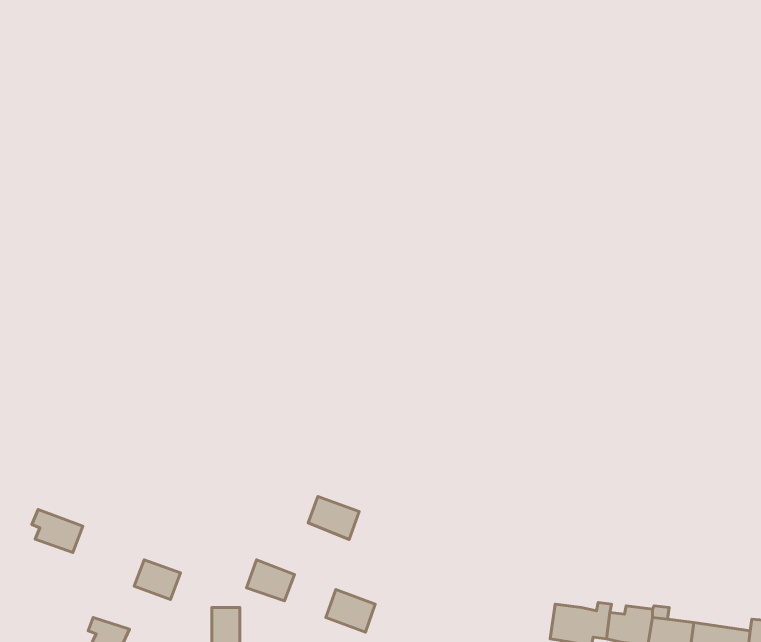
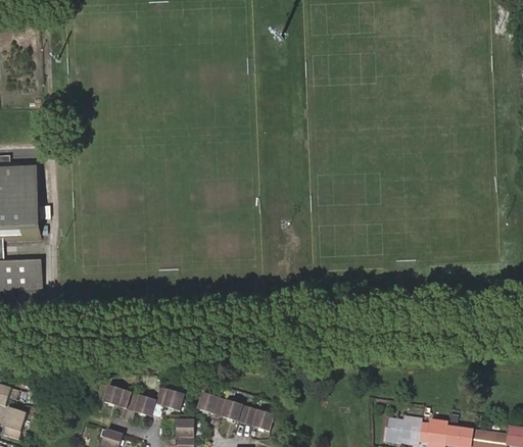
building: [308,497,359,539] -> [220,400,251,427]
building: [32,510,83,552] -> [101,381,133,407]
building: none -> [155,384,186,408]

